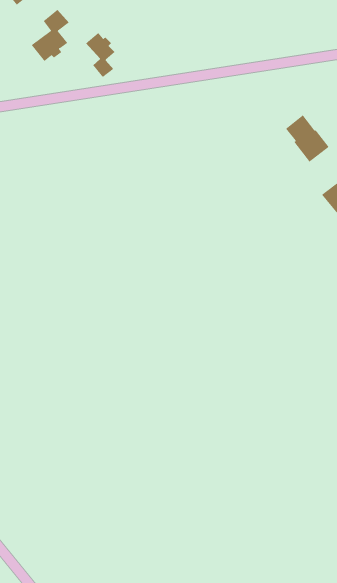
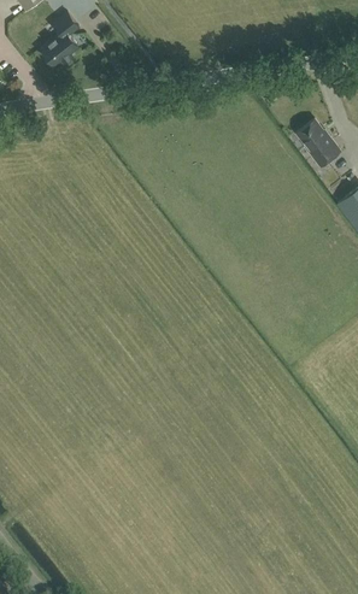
building: [85,32,116,78] -> none

